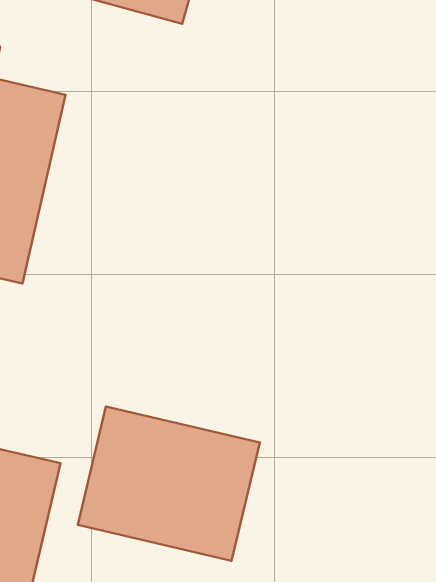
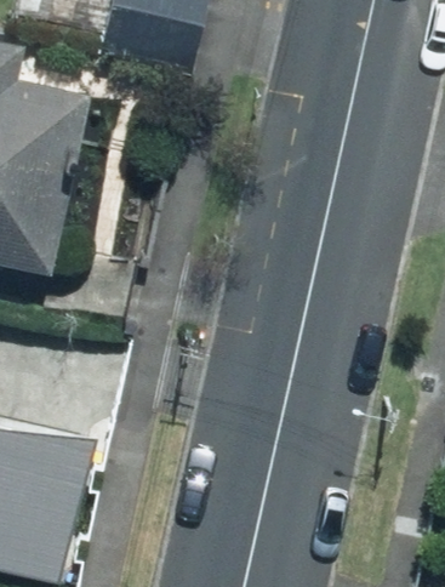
building: [78,406,260,561] -> none

